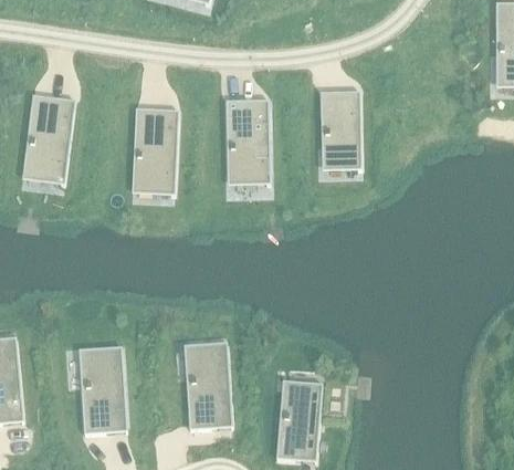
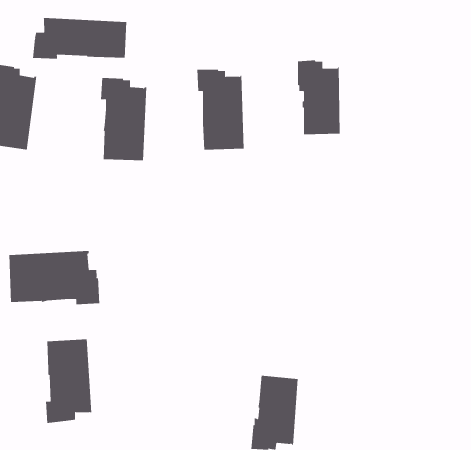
building: none -> [32,17,127,59]
building: none -> [9,250,100,305]
building: [186,349,230,429] -> none

